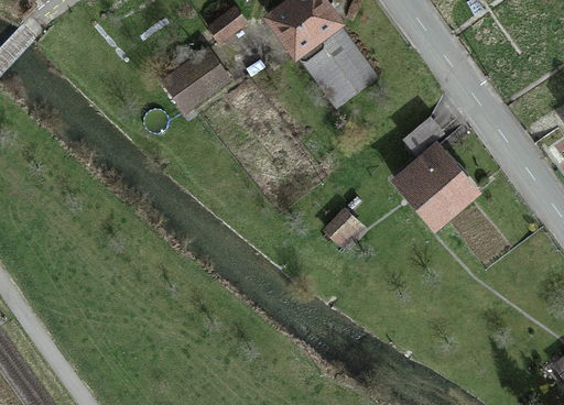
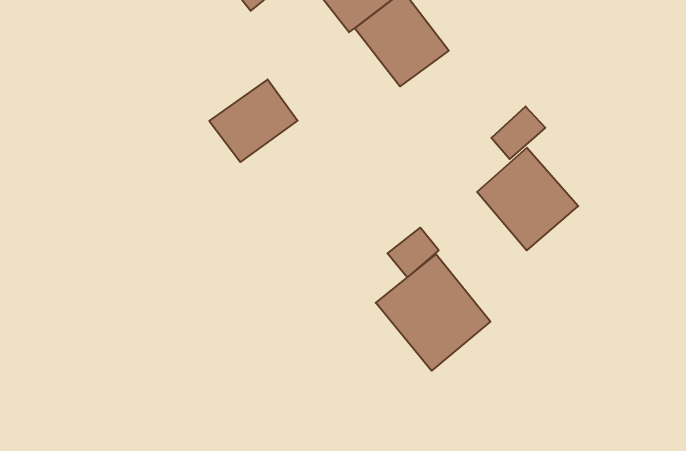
building: [160,50,228,113] -> [209,79,298,162]
building: none -> [376,254,490,371]

